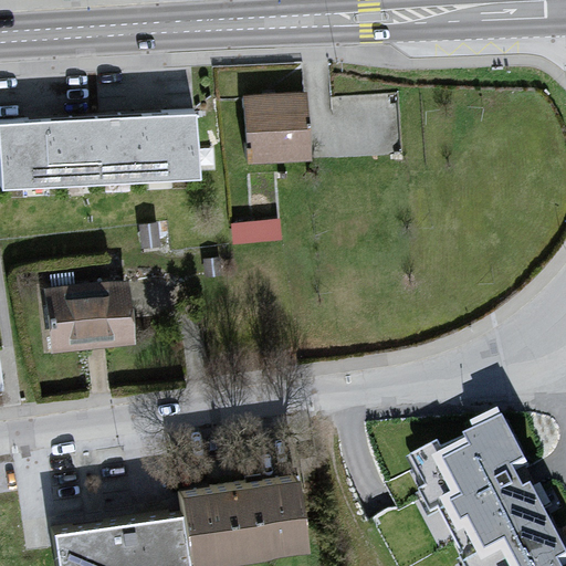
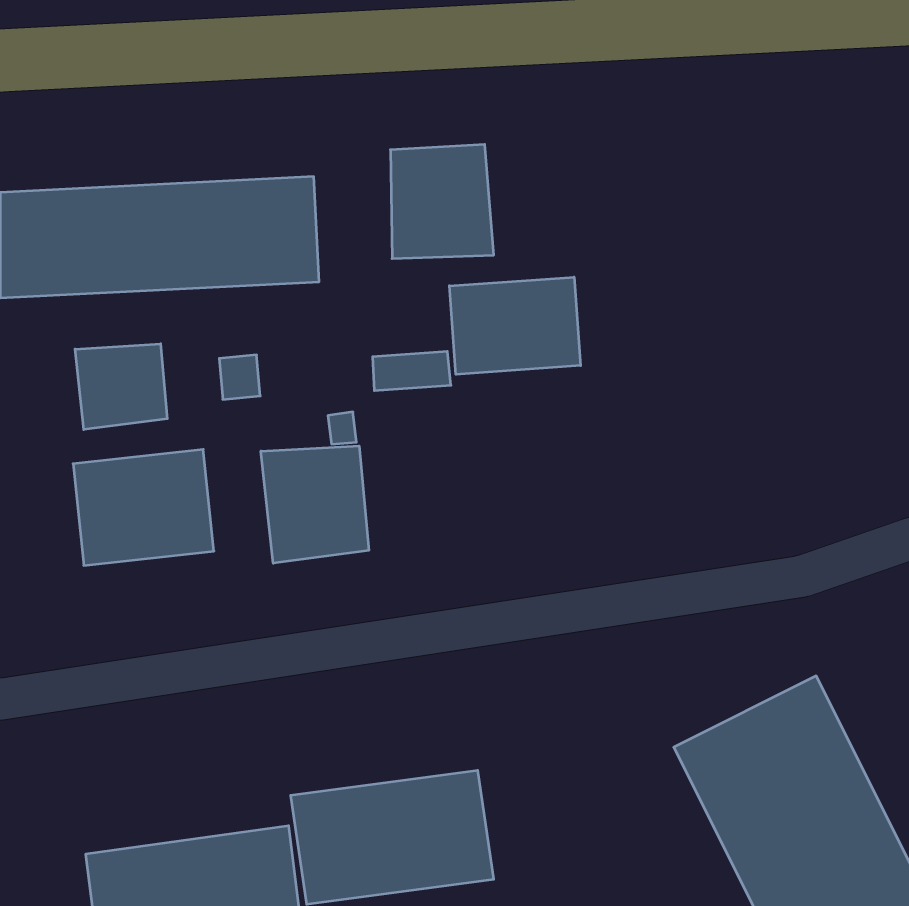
building: none -> [449,277,581,374]
building: none -> [75,344,167,430]
building: none -> [261,446,369,563]

